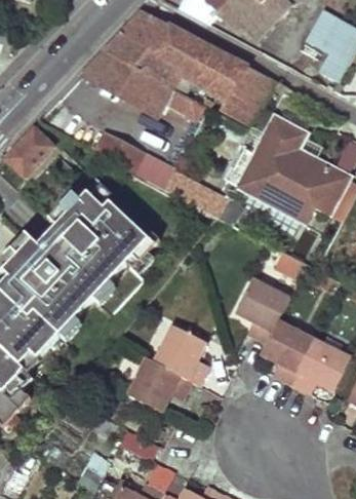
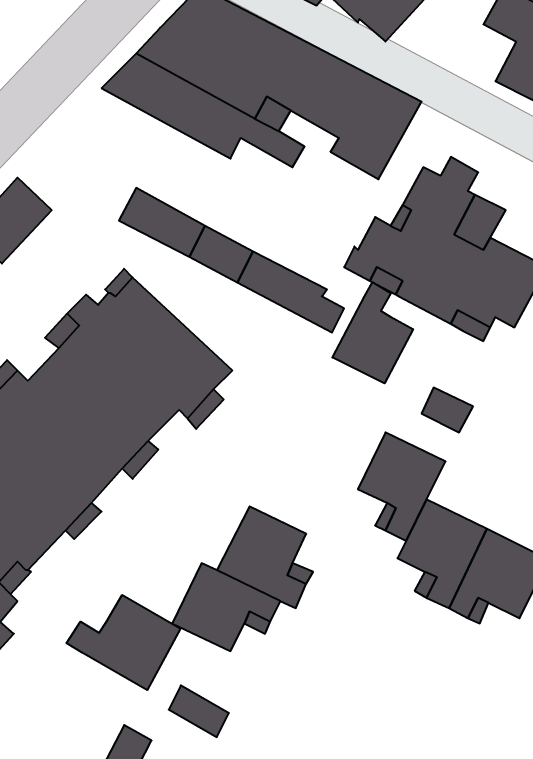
building: none -> [332,282,413,383]
building: none -> [66,595,181,690]

